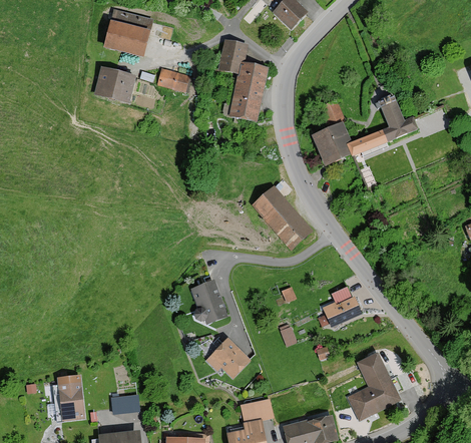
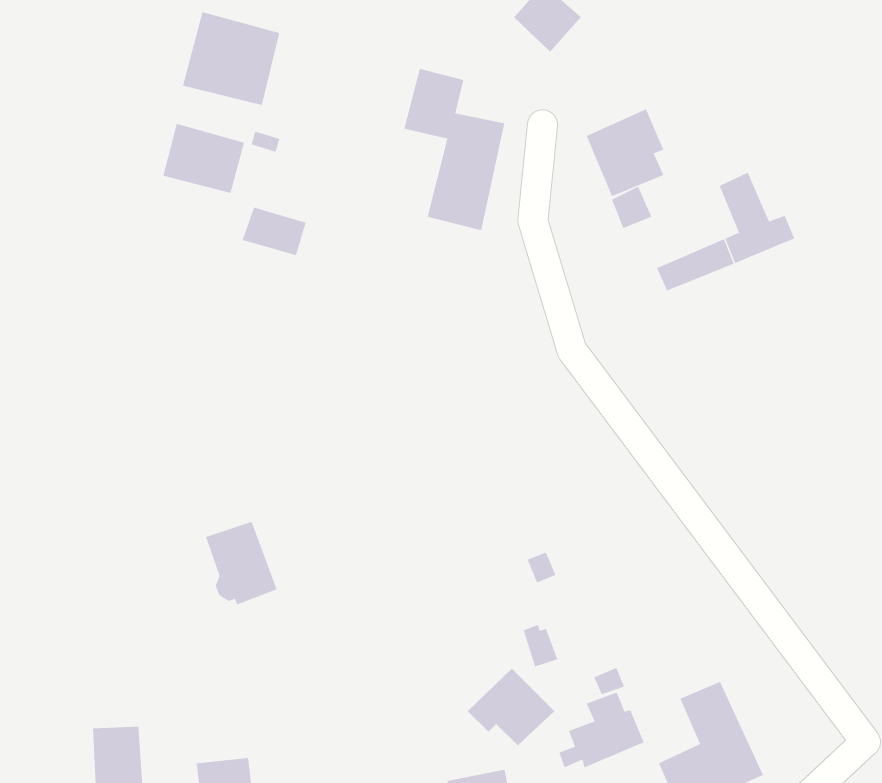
building: [154,68,187,93] -> [242,207,306,256]
building: [311,118,351,163] -> [586,109,664,197]
building: [251,185,313,250] -> none
building: [188,278,225,321] -> [205,521,277,605]
building: [317,287,361,326] -> [558,692,645,768]
building: [204,336,250,376] -> [467,668,555,746]

